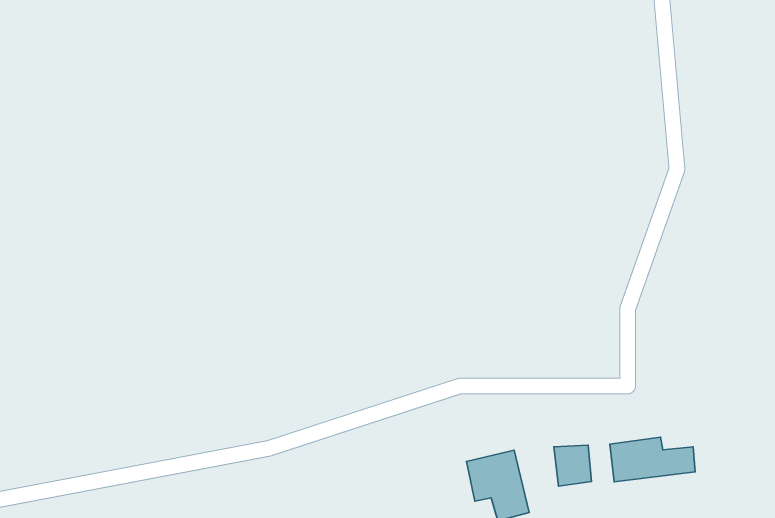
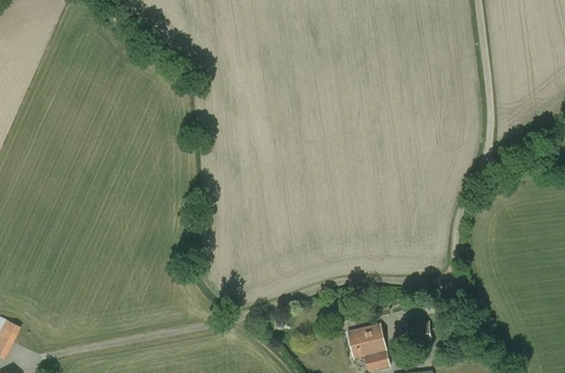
building: [610,437,695,482] -> none

